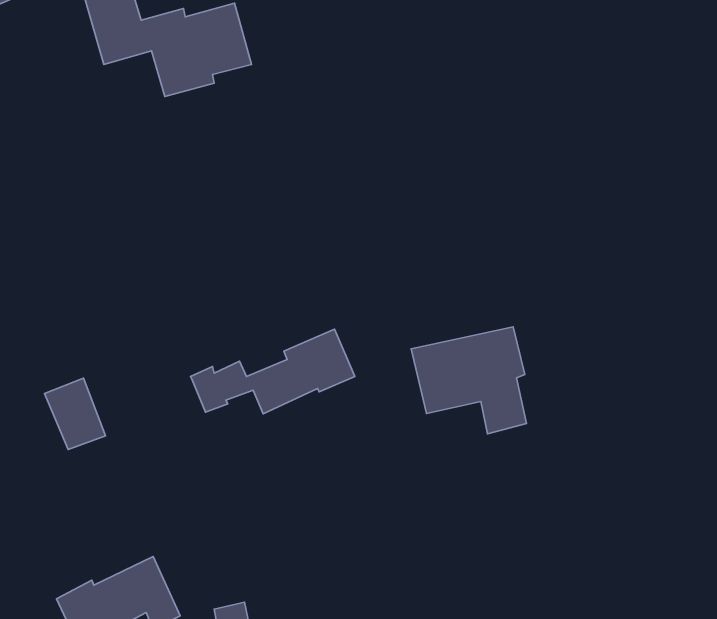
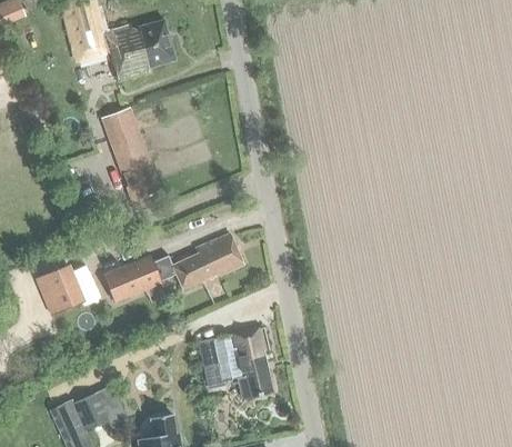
building: none -> [103,109,158,200]
building: [411,327,527,434] -> [197,327,272,397]
building: none -> [104,267,145,302]

